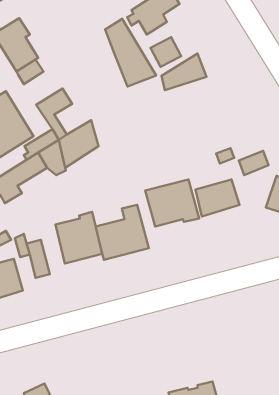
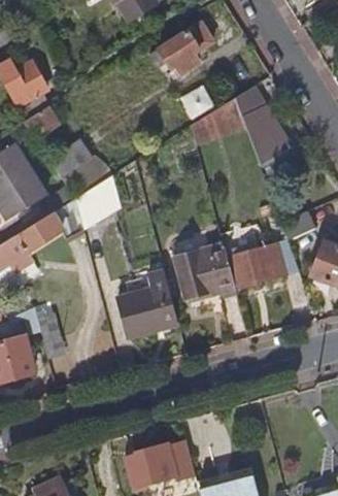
building: [105,19,156,86] -> [234,88,293,165]
building: [55,212,102,263] -> none
building: none -> [128,444,179,486]

